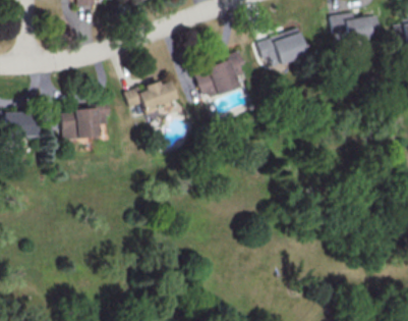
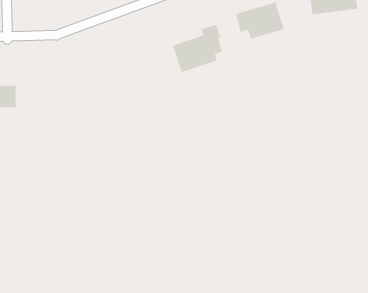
building: [125,81,177,111] -> none
building: [61,103,110,139] -> none

